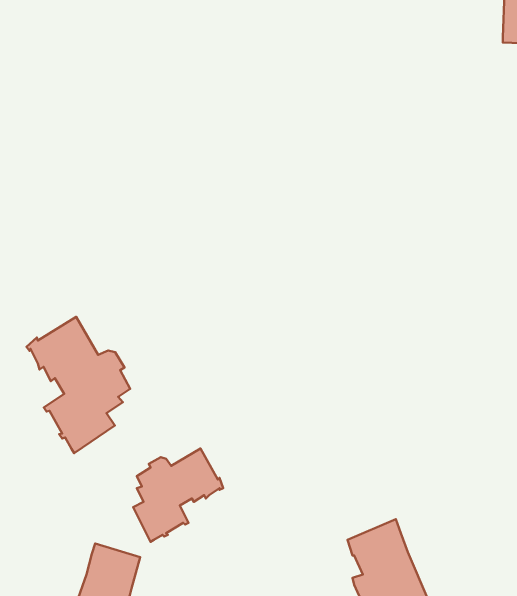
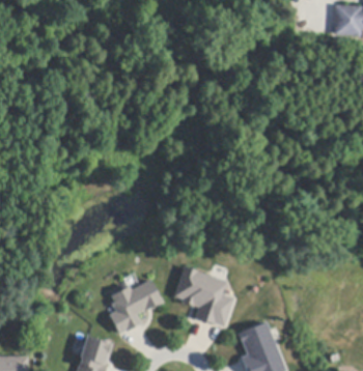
building: [27,317,130,453] -> none
building: none -> [175,267,234,329]

